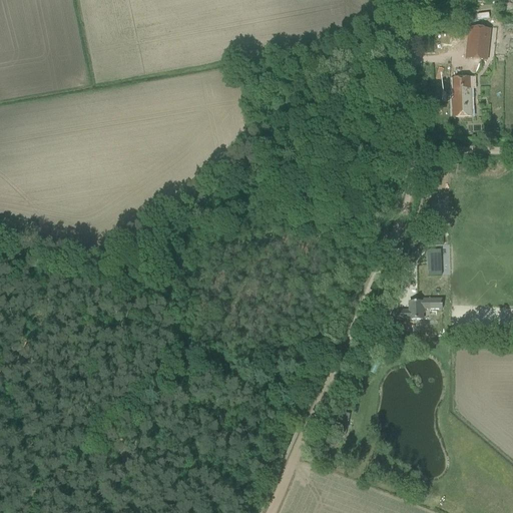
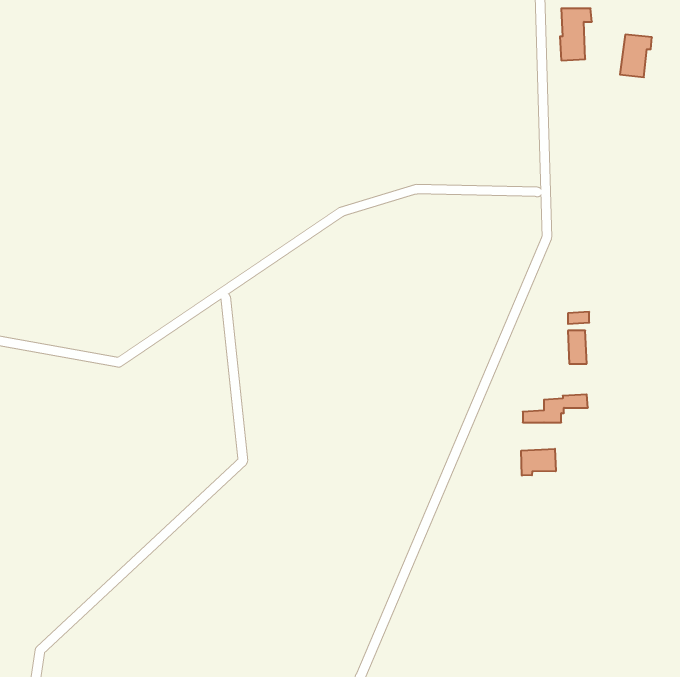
building: [453,76,477,115] -> [560,8,592,60]
building: none -> [521,449,556,476]

